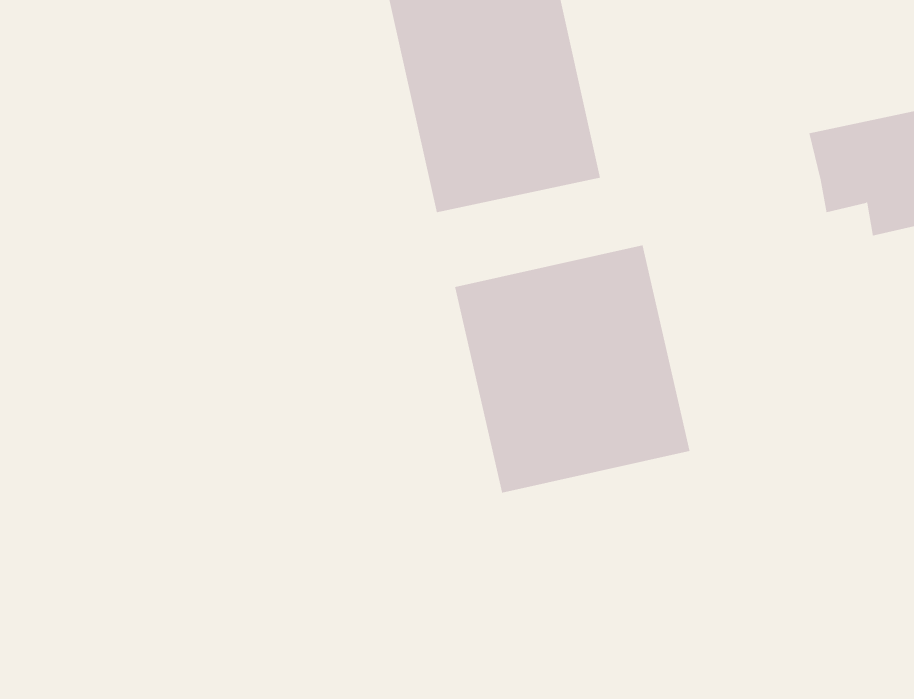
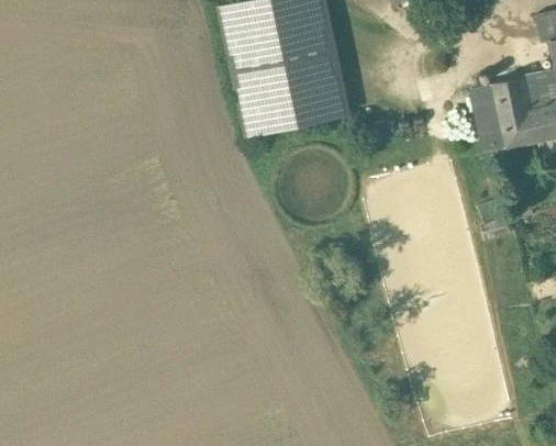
building: [454,245,690,494] -> none

